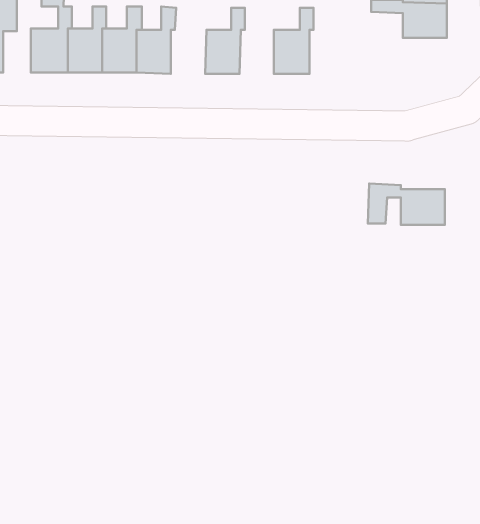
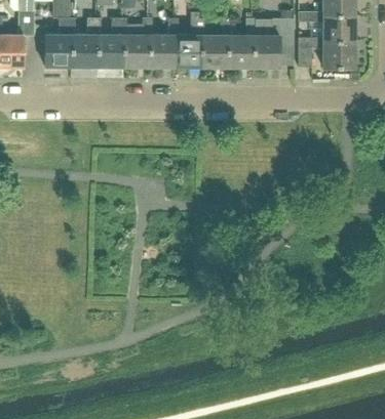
building: none -> [150,18,180,68]
building: none -> [201,18,231,68]
building: none -> [254,18,295,68]
building: [368,184,445,225] -> [299,37,356,68]

